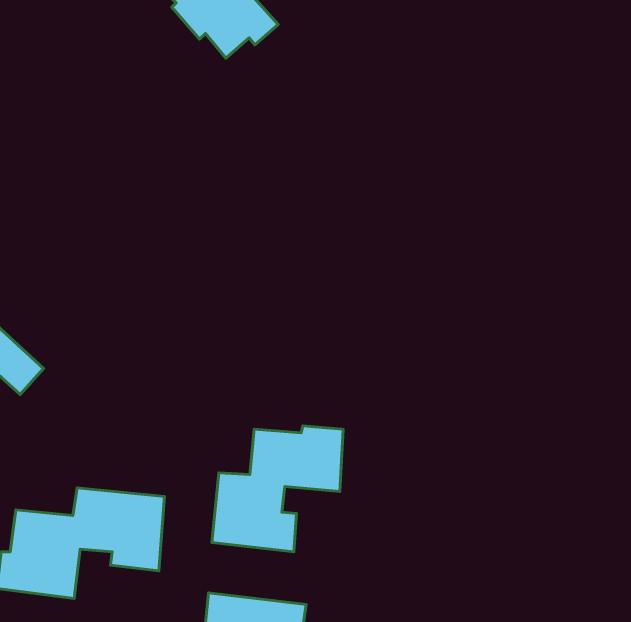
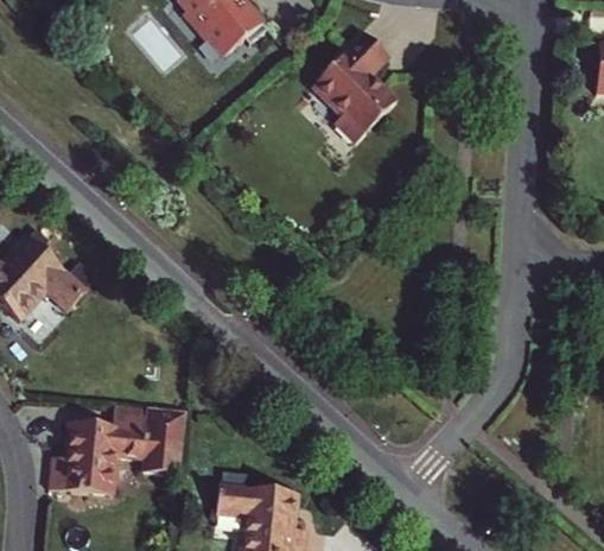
building: none -> [317,26,401,135]
building: [212,426,343,552] -> none

